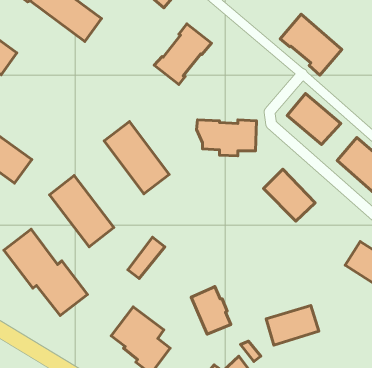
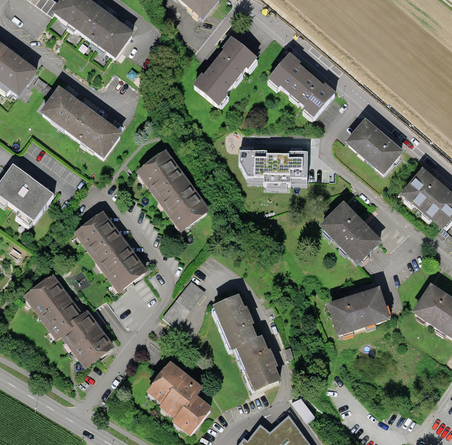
building: [280,14,342,75] -> [267,52,337,121]
building: none -> [40,86,122,157]
building: none -> [211,293,258,350]
building: [266,306,319,345] -> [325,289,385,334]

